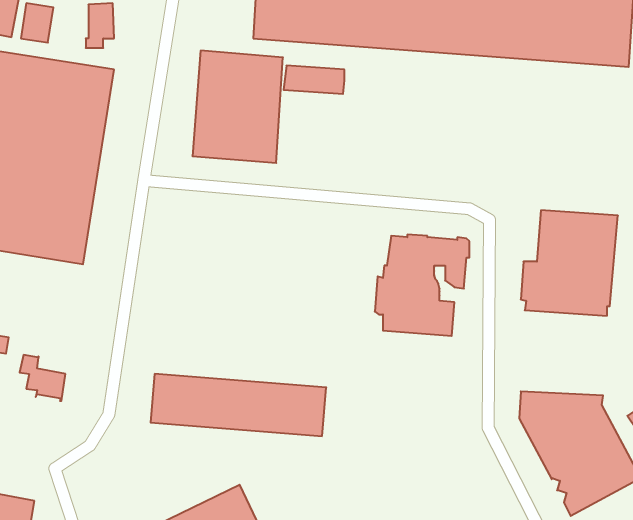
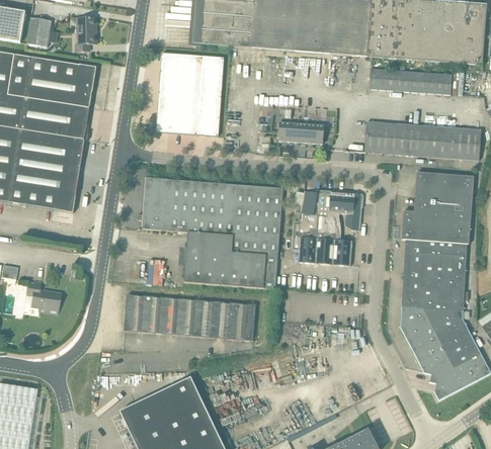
building: [284,66,344,94] -> [277,121,323,143]
building: none -> [369,68,452,93]
building: none -> [363,120,481,159]
building: none -> [137,176,282,288]
building: none -> [401,246,466,309]

